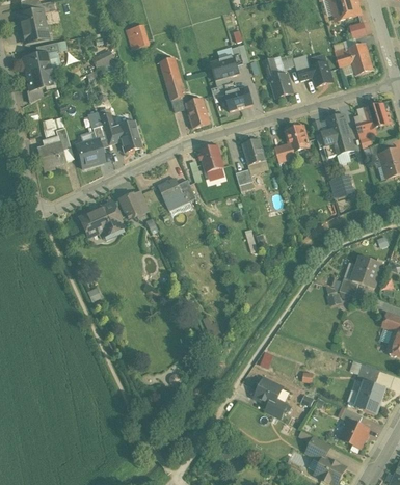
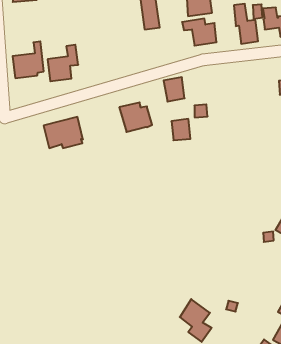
building: [185,97,210,125] -> none
building: [98,111,141,152] -> none
building: [274,125,311,162] -> none
building: [242,138,265,163] -> [171,119,190,140]
building: [116,192,142,222] -> none

